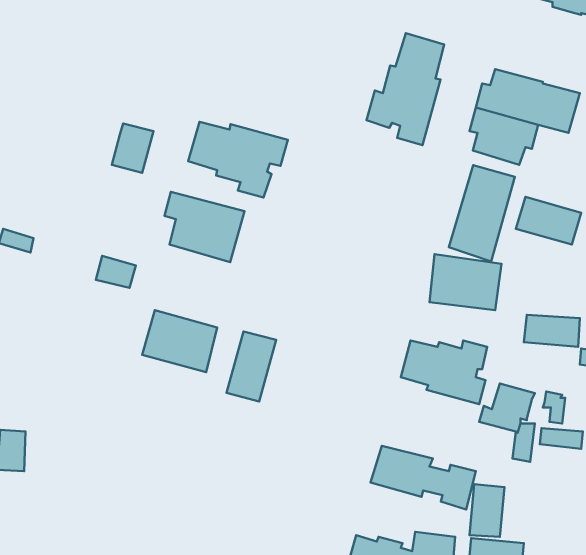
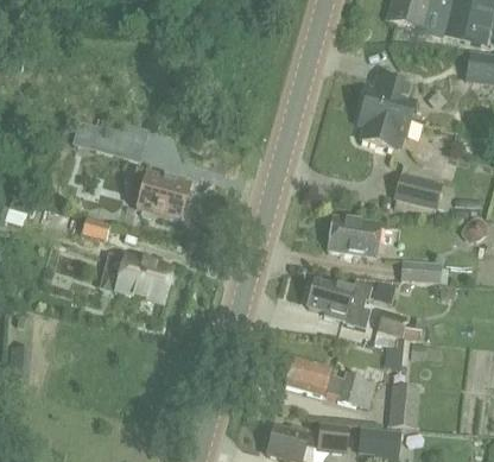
building: [366,33,444,145] -> none
building: [188,122,288,198] -> none
building: [449,165,515,262] -> none
building: [226,331,276,401] -> none
building: none -> [388,384,419,428]

